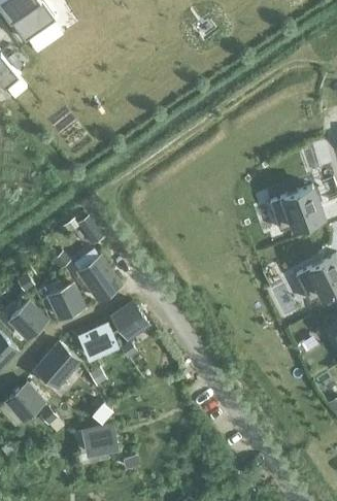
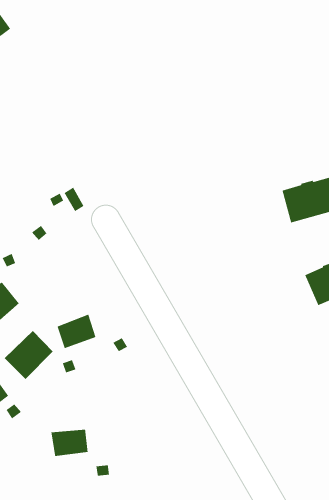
building: [77,257,120,301] -> none
building: [48,286,83,320] -> none
building: [111,303,147,339] -> none

